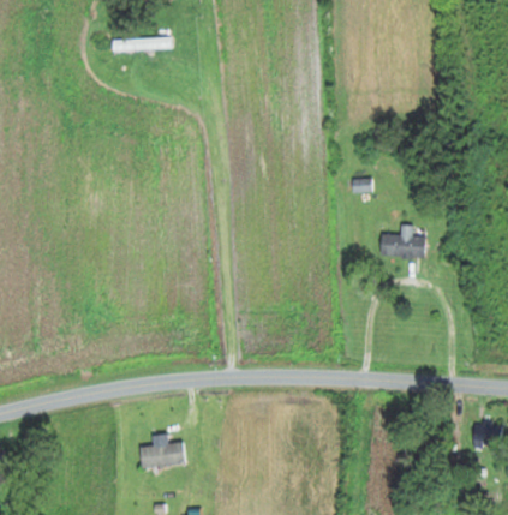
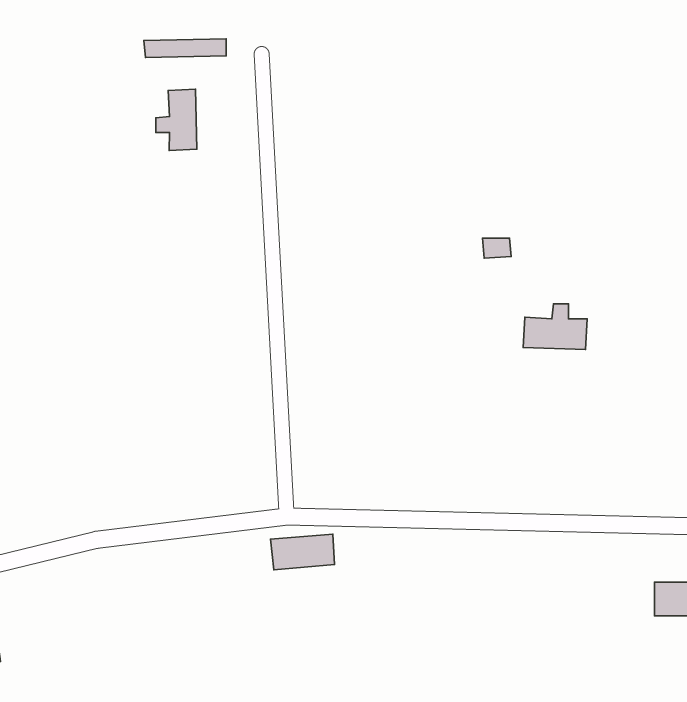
building: none -> [156,89,197,150]
building: [139,443,185,468] -> [271,534,335,570]

